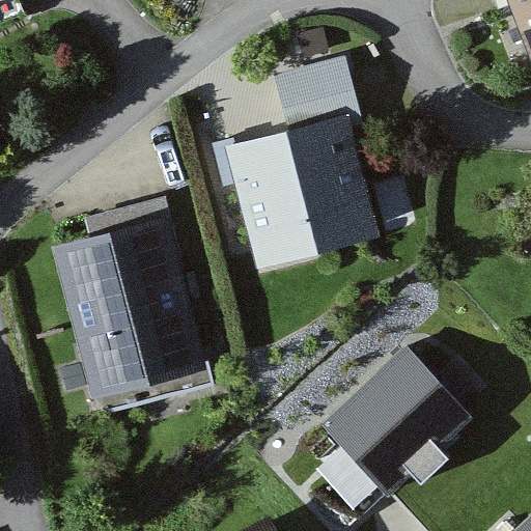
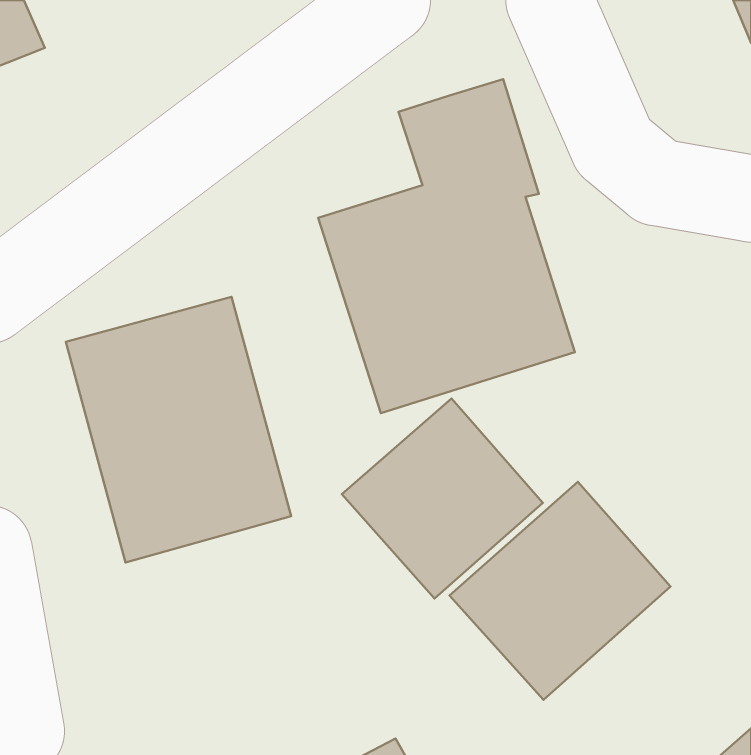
building: none -> [342,398,543,599]

